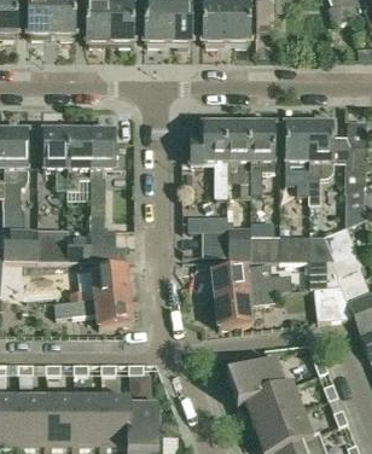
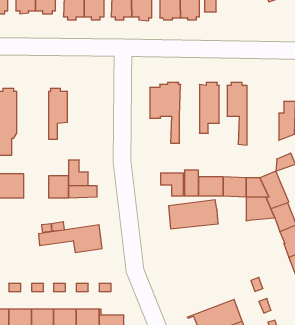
building: [226,118,250,180] -> none
building: [308,118,333,204] -> none
building: [42,126,66,187] -> none
building: [89,126,124,197] -> none
building: [36,229,66,258] -> none
building: [92,263,128,296] -> none
building: [314,283,354,319] -> none
building: [215,290,274,325] -> none
building: [226,356,292,403] -> none

